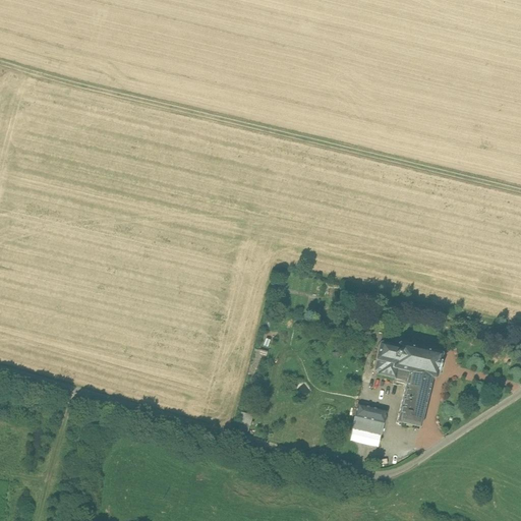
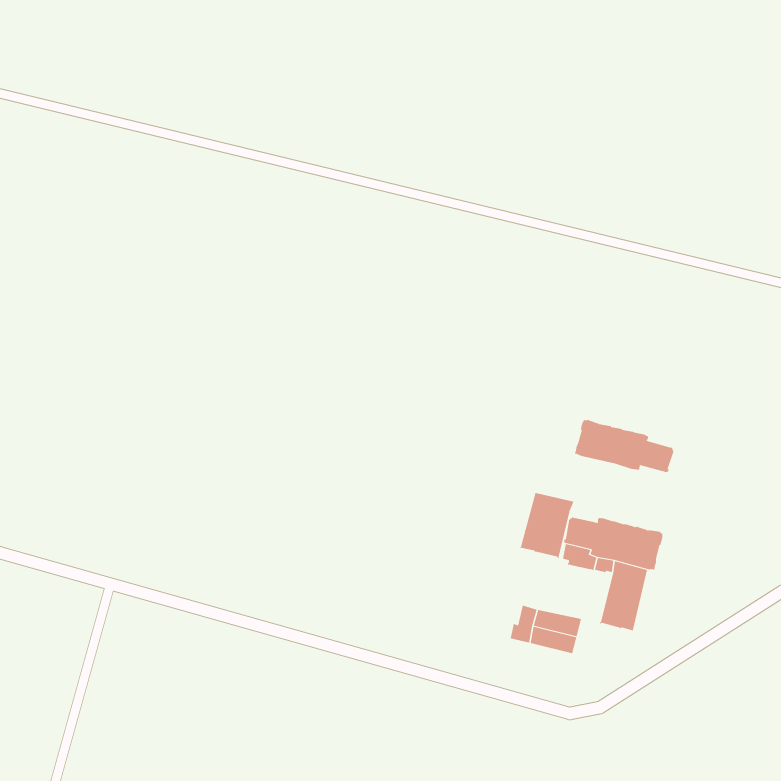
building: none -> [575,419,675,473]
building: none -> [519,492,574,558]

